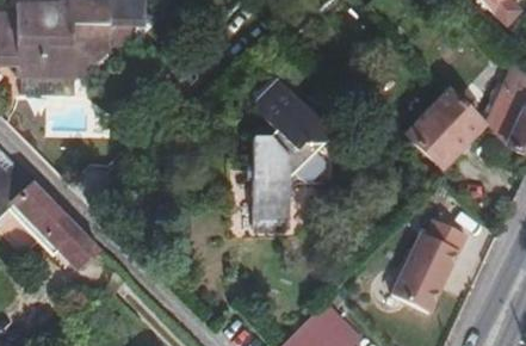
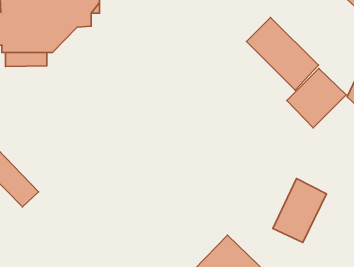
building: none -> [246,18,319,90]
building: [245,84,333,229] -> none

